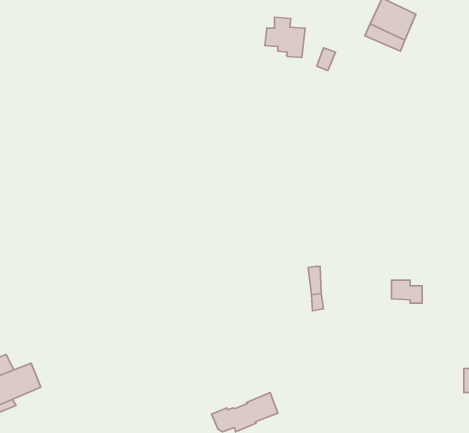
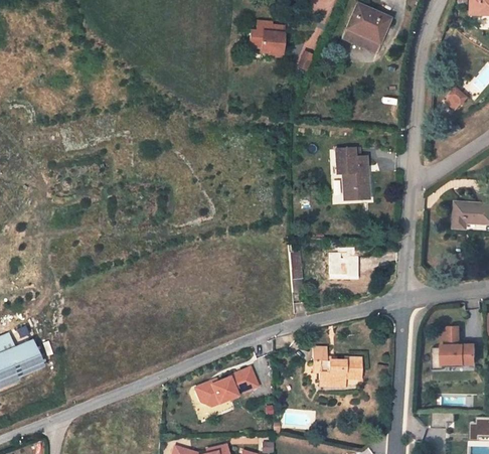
building: none -> [336,148,368,198]
building: [392,280,422,303] -> [330,252,358,273]
building: none -> [314,348,360,383]

